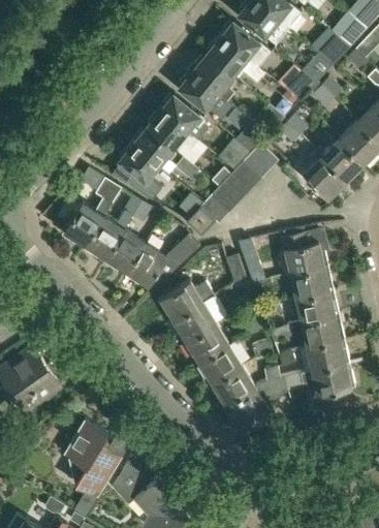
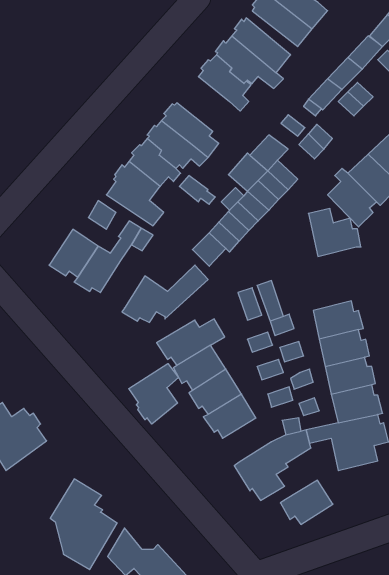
building: [178,70,231,113] -> none
building: [104,229,145,271] -> none
building: [282,231,327,273] -> [308,209,361,256]
building: none -> [129,364,179,424]
building: [209,366,254,404] -> [280,480,333,524]

